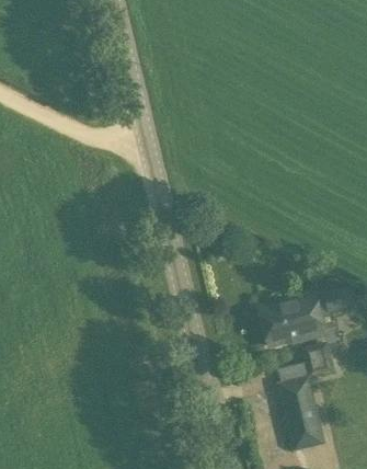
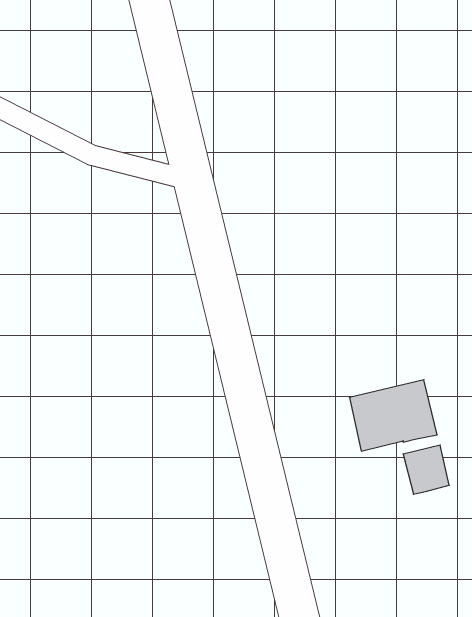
building: [283,378,321,451] -> none

